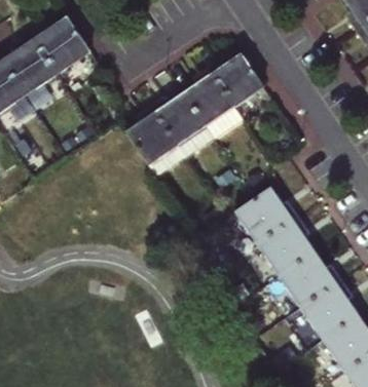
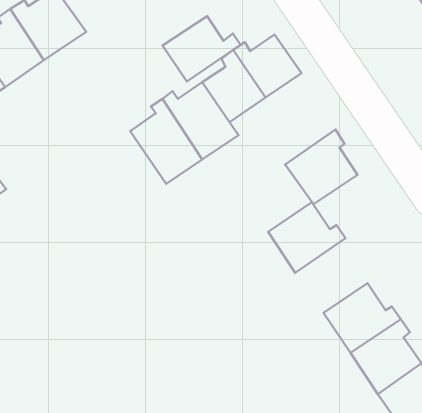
building: none -> [163,16,241,81]
building: [258,217,316,276] -> [285,130,357,204]

